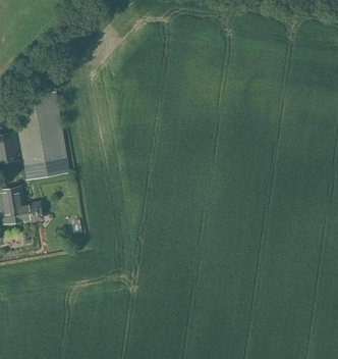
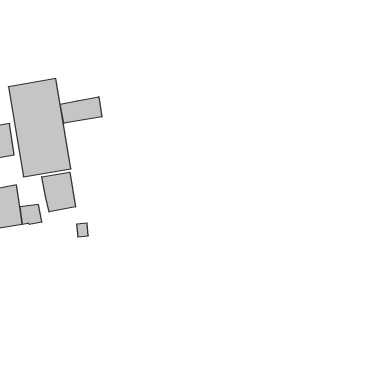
building: none -> [60,97,102,123]
building: none -> [42,172,75,212]

